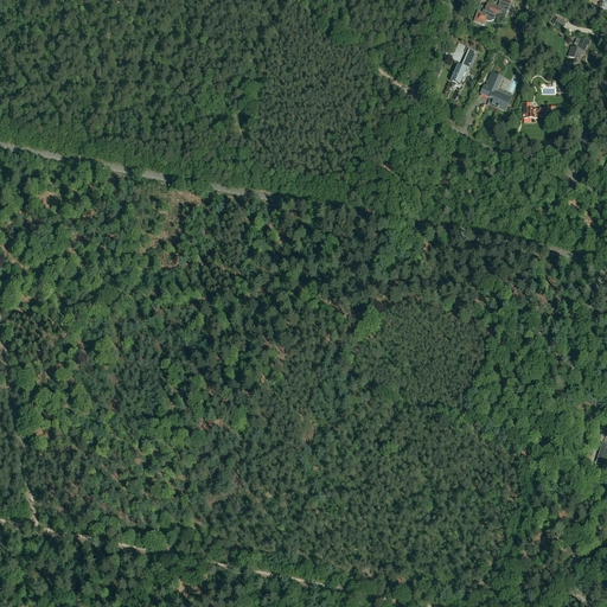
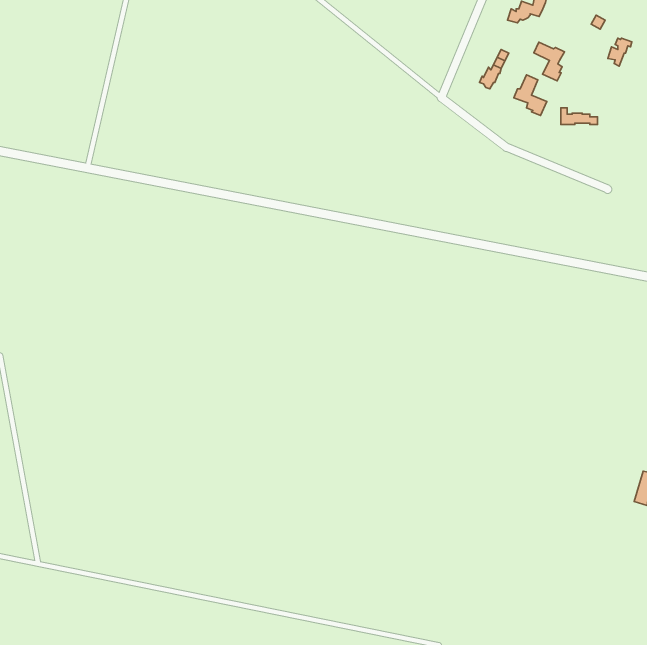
building: none -> [534,42,565,81]

